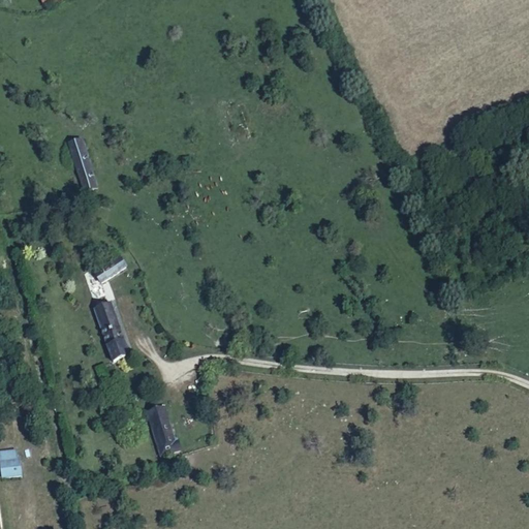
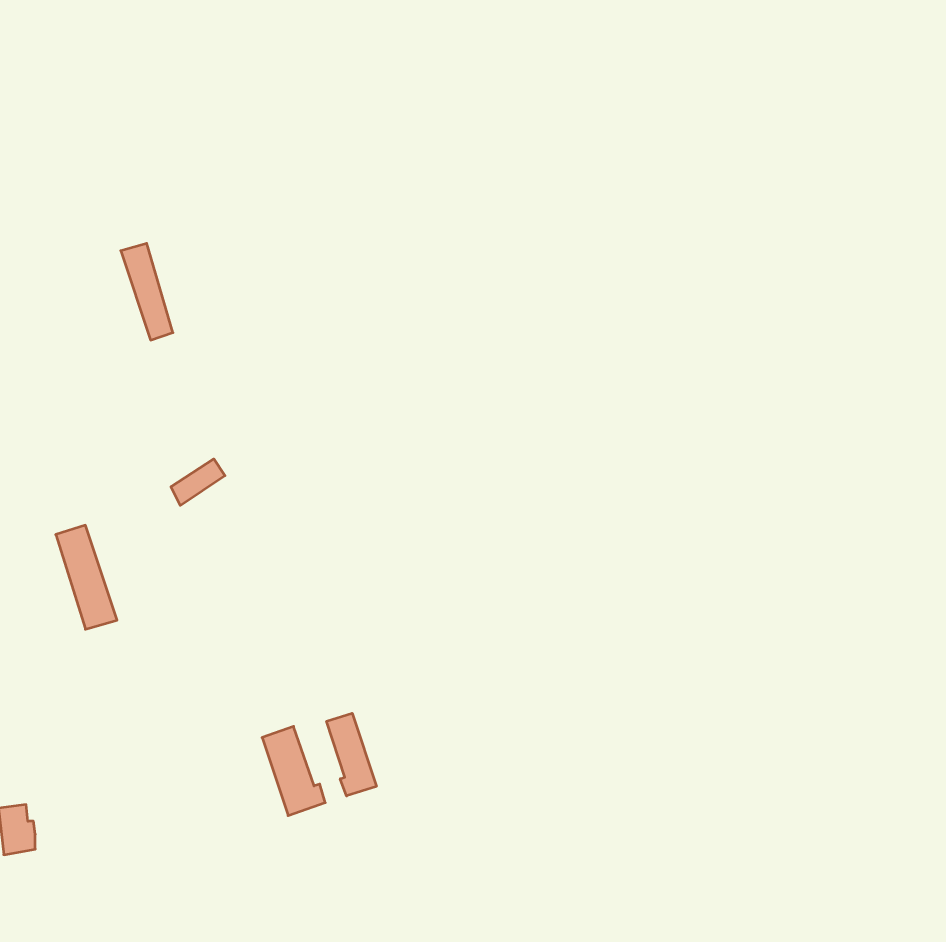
building: [94,302,128,360] -> [56,525,117,629]
building: none -> [327,713,376,796]

